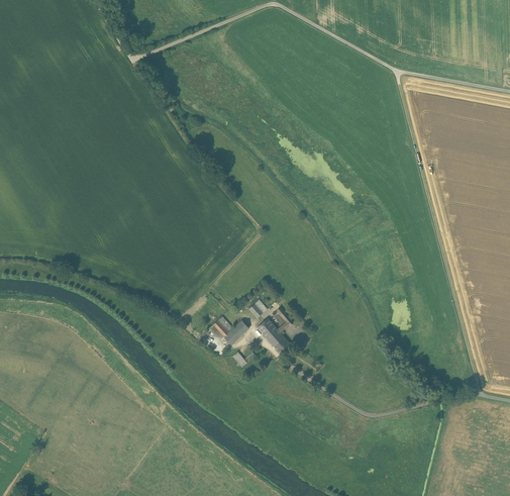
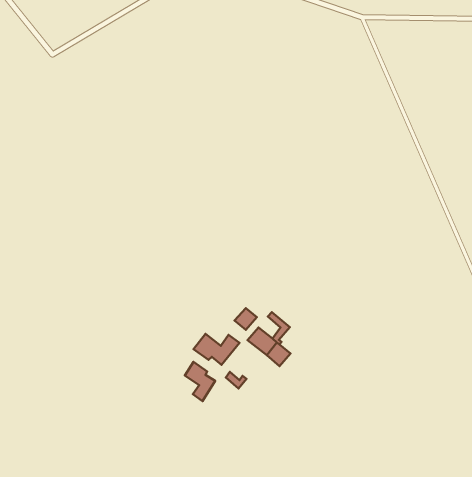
building: none -> [185,362,215,401]

